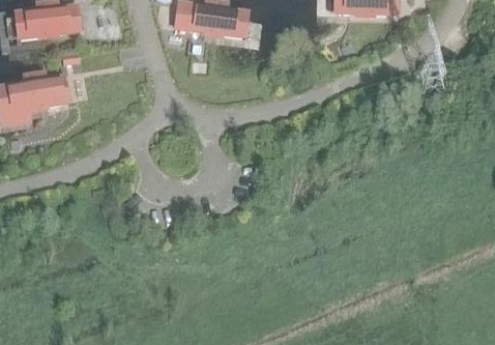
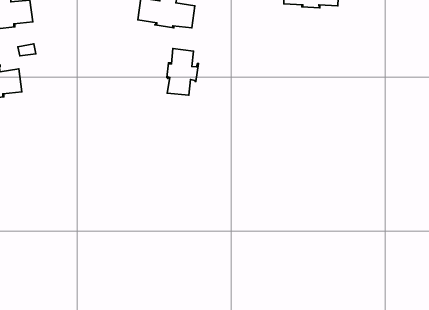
building: none -> [167,48,198,95]

